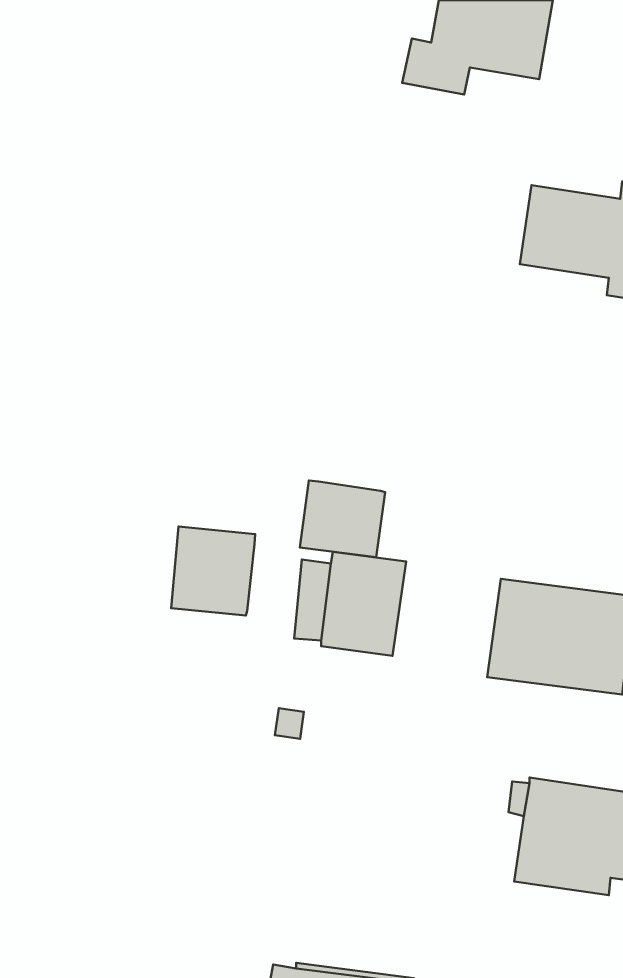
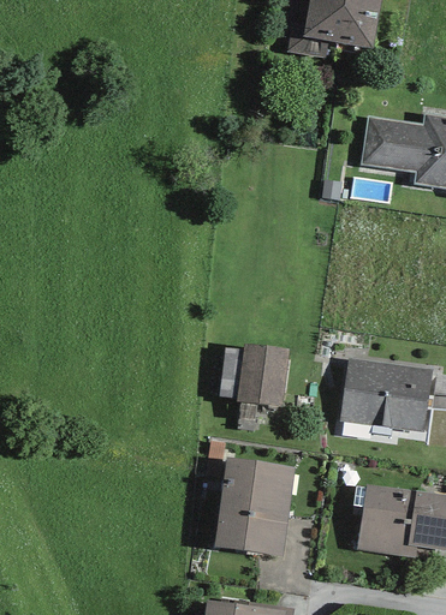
building: [300,481,385,557] -> none
building: [171,527,255,616] -> none
building: none -> [215,458,295,557]

